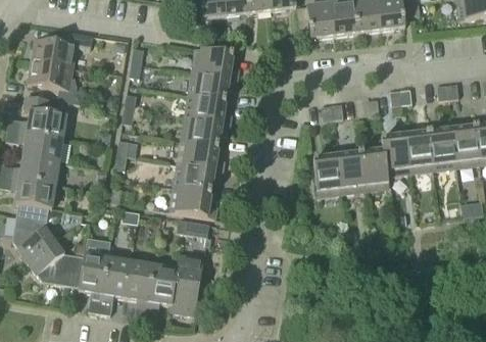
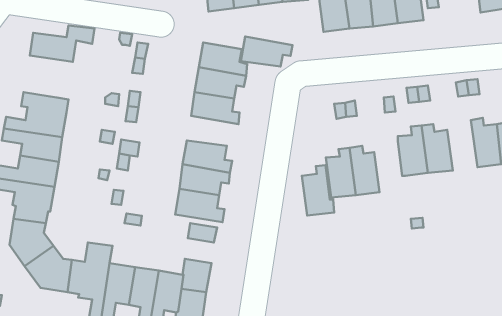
building: [28,60,84,104] -> none
building: [181,117,230,146] -> [241,36,292,67]
building: [428,121,456,169] -> none
building: [358,142,389,190] -> [302,165,334,216]

